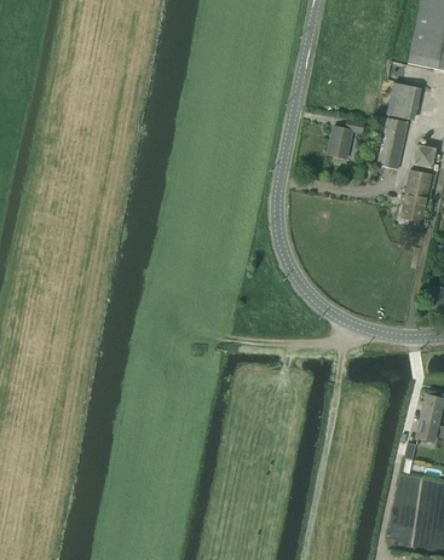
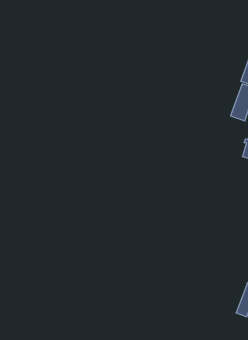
building: [328,119,364,158] -> none

